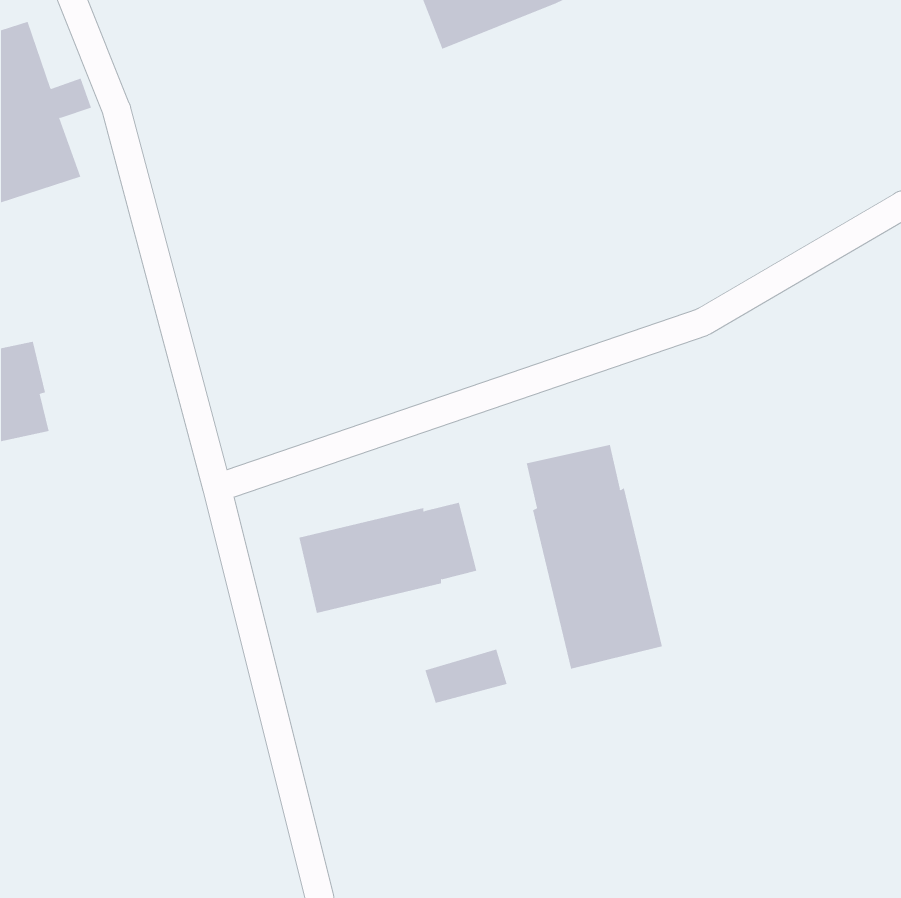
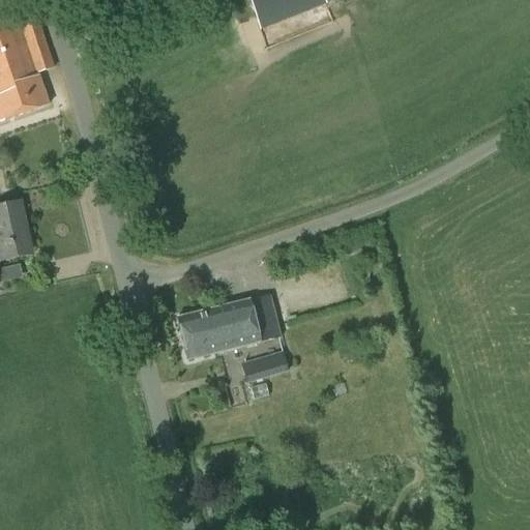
building: [526,444,662,669] -> none
building: [425,649,508,704] -> [241,349,290,381]

